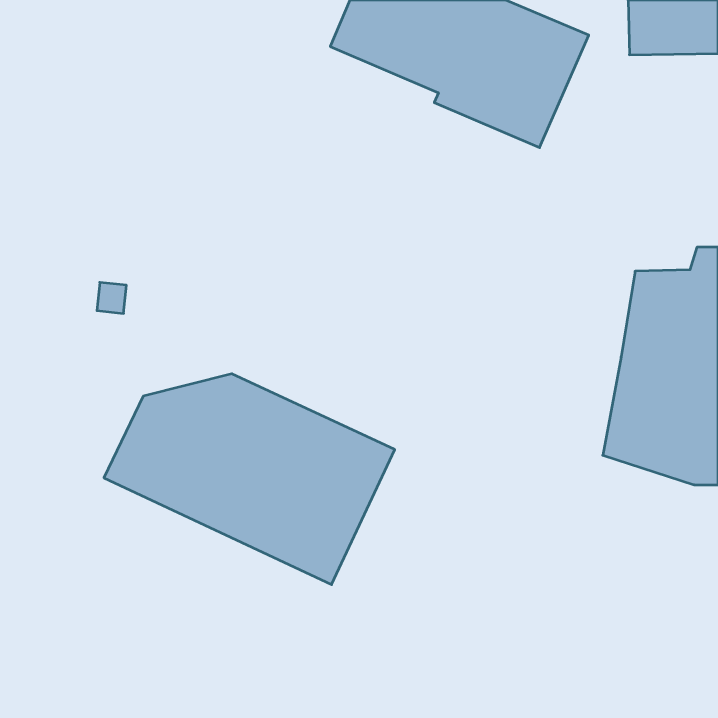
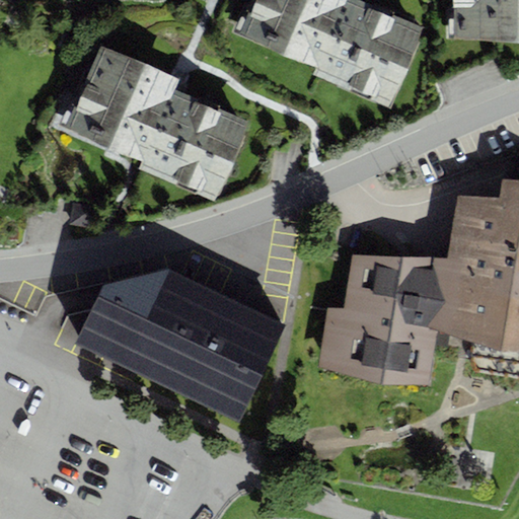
building: none -> [63,43,250,201]
building: none -> [317,255,448,387]

